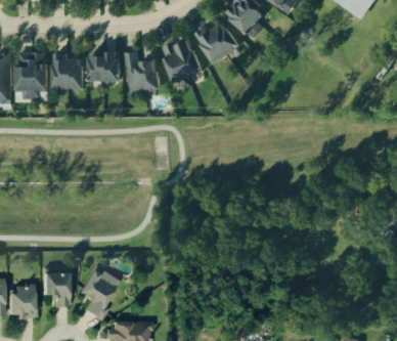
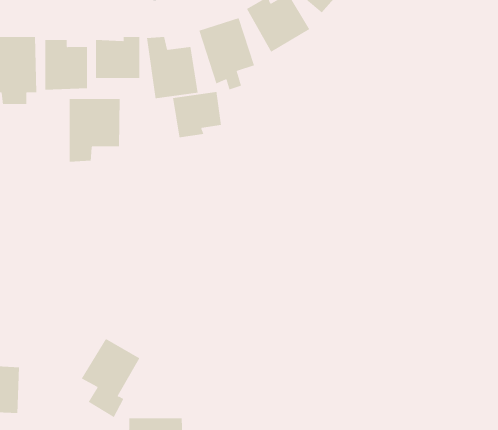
building: none -> [173,91,222,138]
building: none -> [69,98,120,162]
building: [41,268,68,308] -> none

